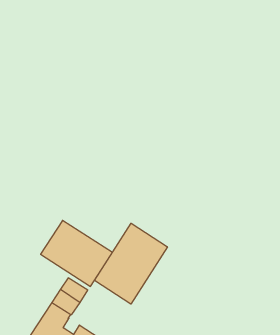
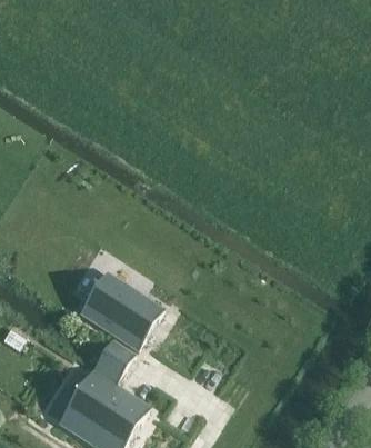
building: [94,223,167,304] -> none

